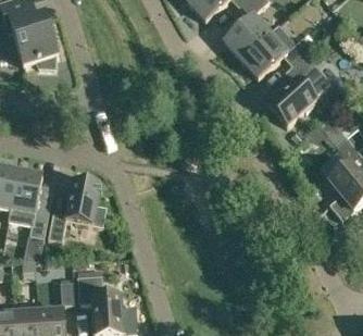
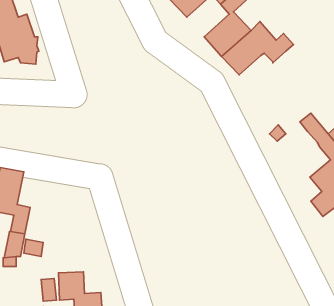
building: [267,53,329,125] -> none
building: [48,179,107,240] -> none

